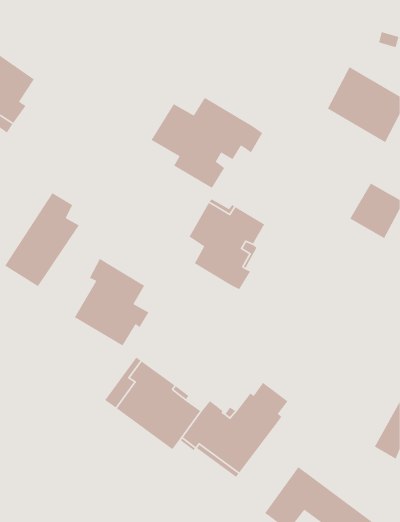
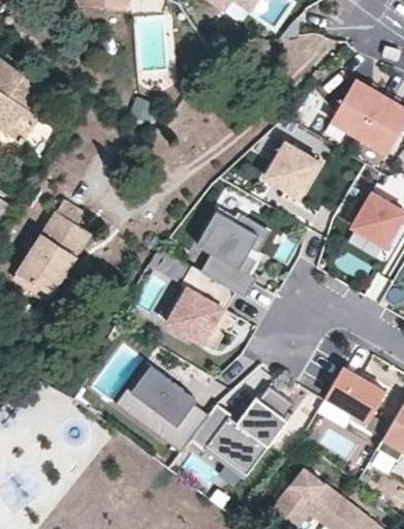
building: [151,97,263,189] -> none
building: none -> [267,145,322,199]
building: [74,258,150,346] -> [167,266,241,351]
building: none -> [324,367,384,428]

